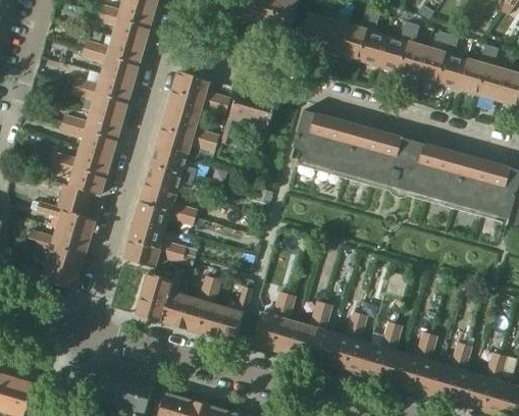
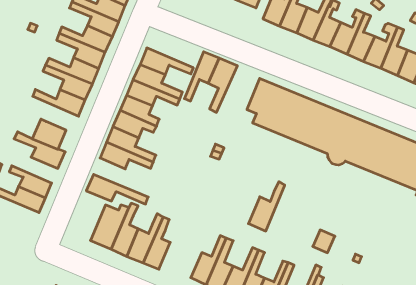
building: [172,70,229,106] -> none
building: [48,159,105,194] -> none
building: [128,219,186,254] -> none
building: [28,227,89,254] -> none
building: [215,285,251,343] -> [248,182,285,231]

